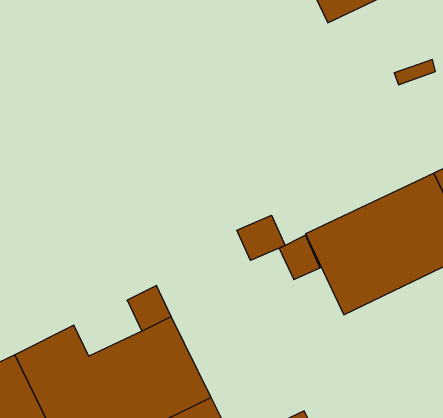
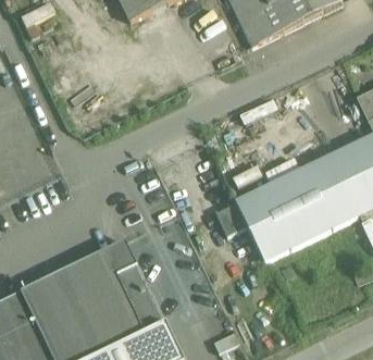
building: [237,215,285,260] -> none
building: none -> [64,250,114,291]

